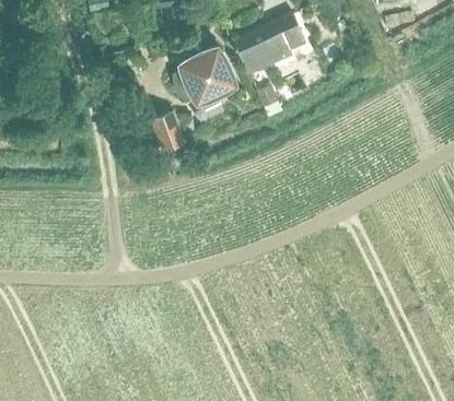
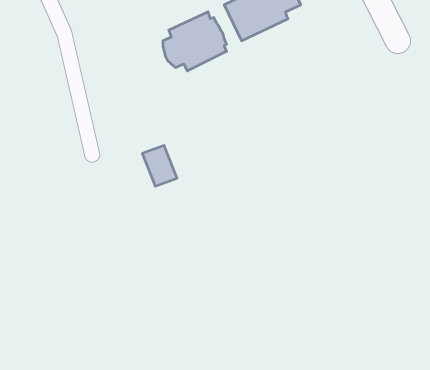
building: [152,110,185,149] -> [142,146,177,186]

